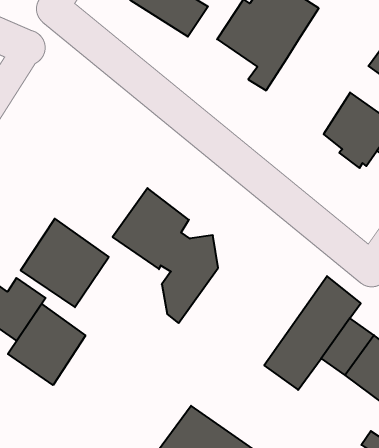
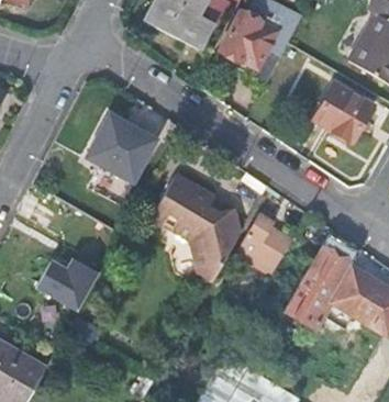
building: [21,219,109,307] -> [86,112,157,183]
building: none -> [237,214,292,275]
building: [8,304,85,385] -> none

